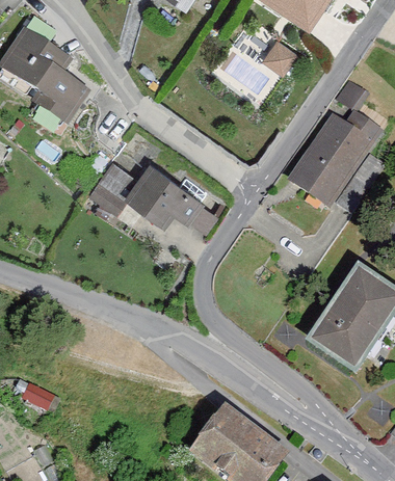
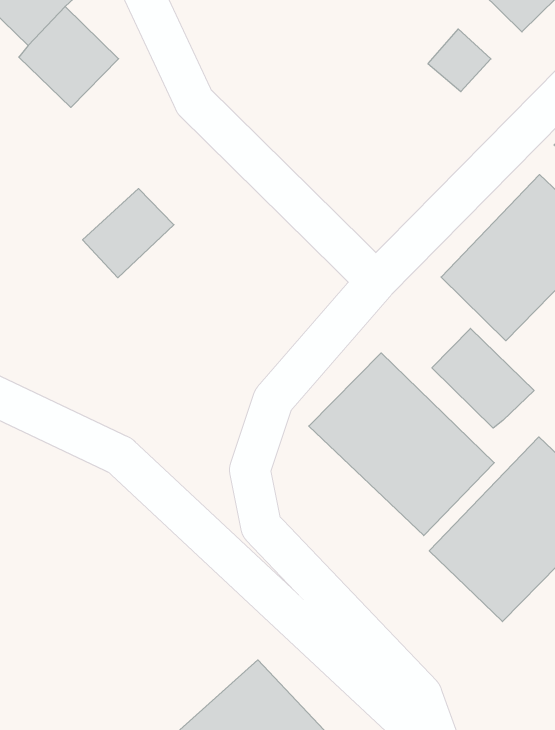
building: [130,166,209,229] -> none
building: none -> [432,328,534,428]
building: none -> [309,353,494,536]

